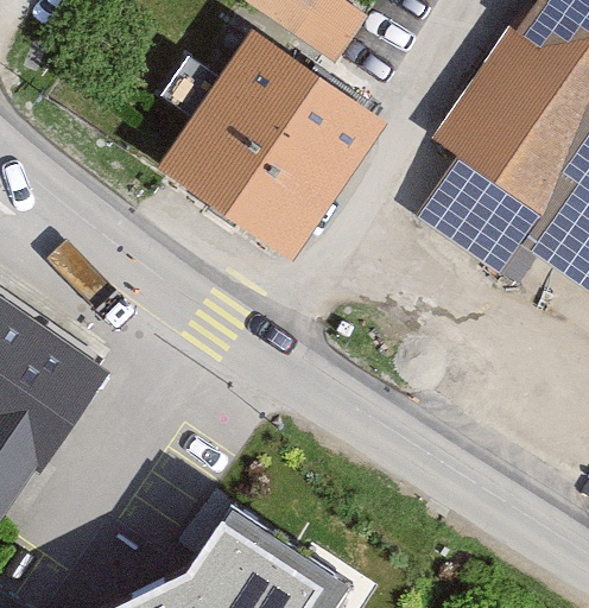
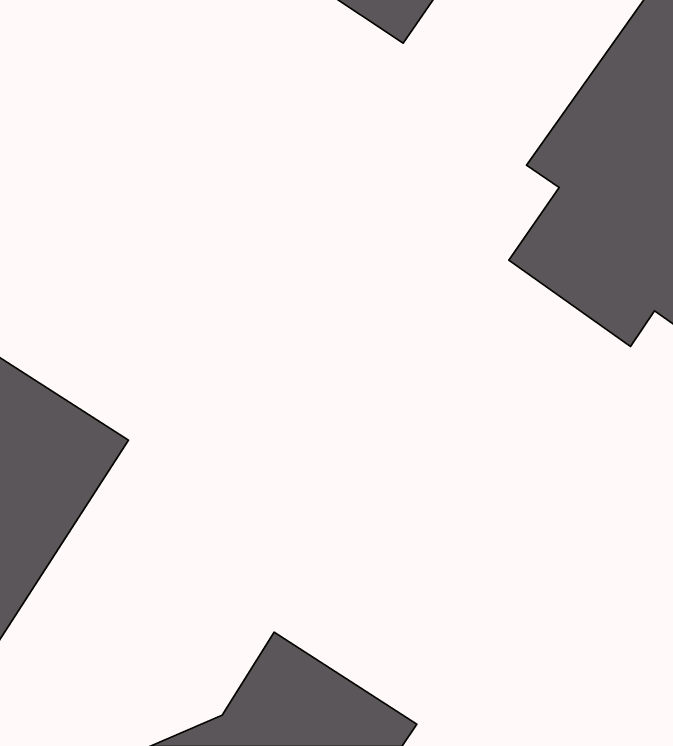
building: [171,48,370,247] -> none

